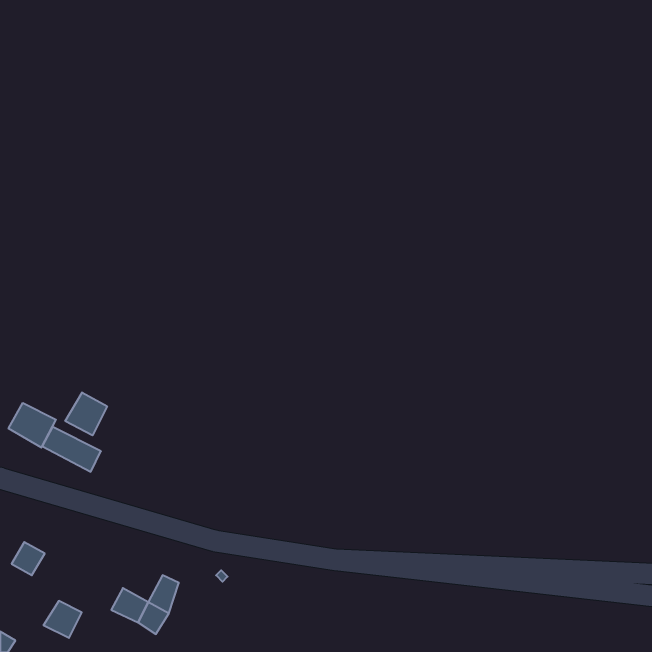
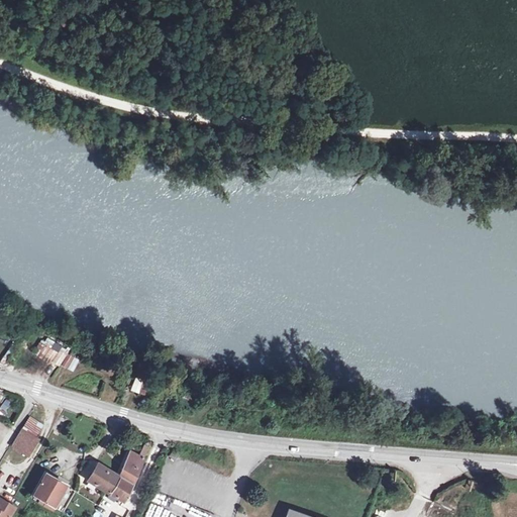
building: [65,392,107,435] -> none
building: [9,403,56,448] -> none

